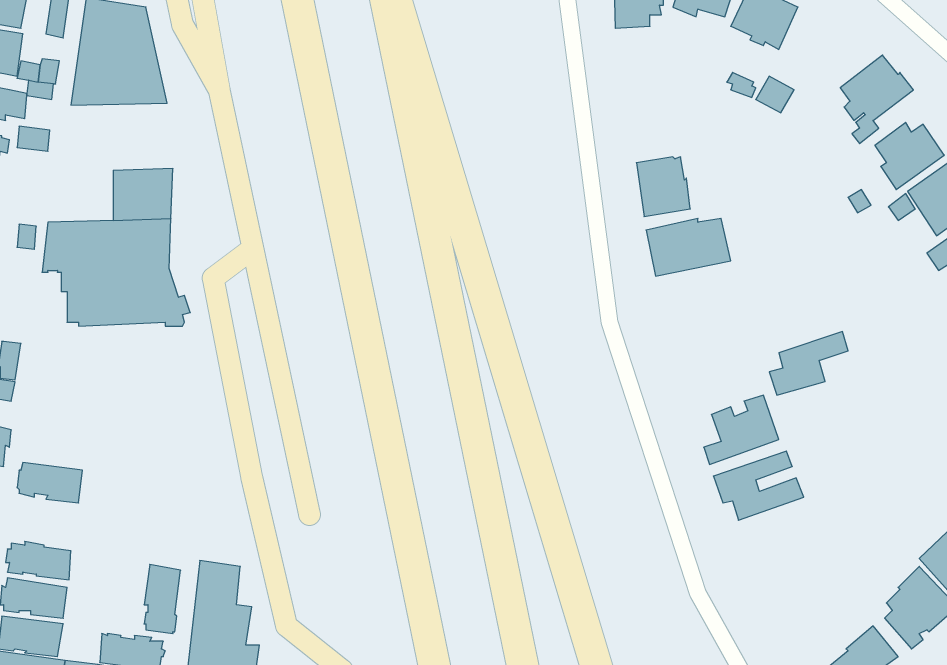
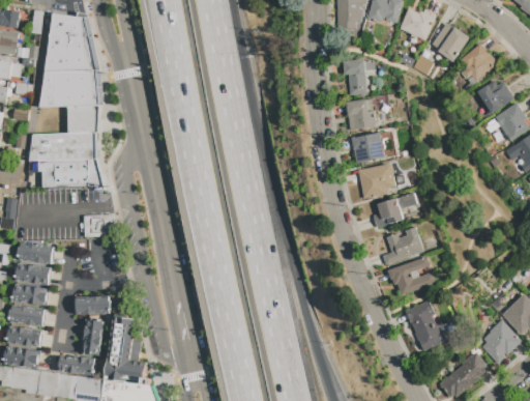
building: none -> [431,23,470,62]
building: none -> [344,59,375,96]
building: none -> [38,69,98,107]
building: none -> [360,164,398,198]
building: [769,332,848,395] -> [375,193,417,227]
building: none -> [83,214,113,237]
building: none -> [17,244,53,264]
building: none -> [12,284,48,306]
building: none -> [75,295,111,314]
building: none -> [406,300,447,351]

